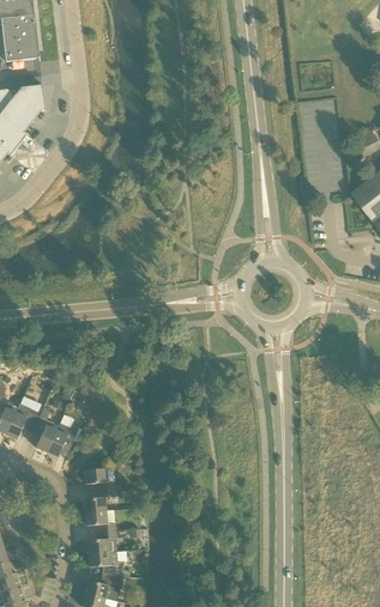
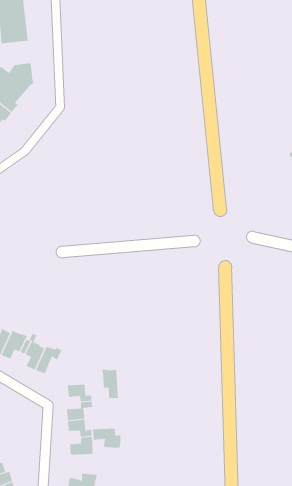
building: none -> [102,369,118,399]
building: [88,552,122,576] -> [92,428,121,448]

